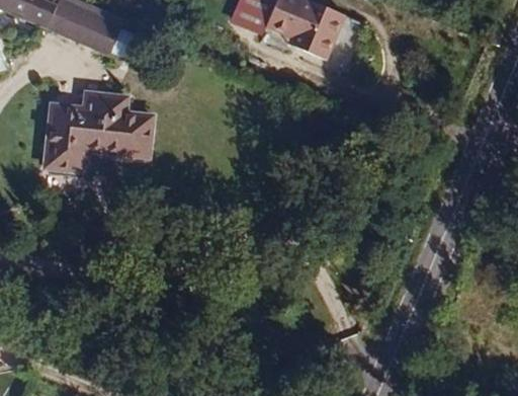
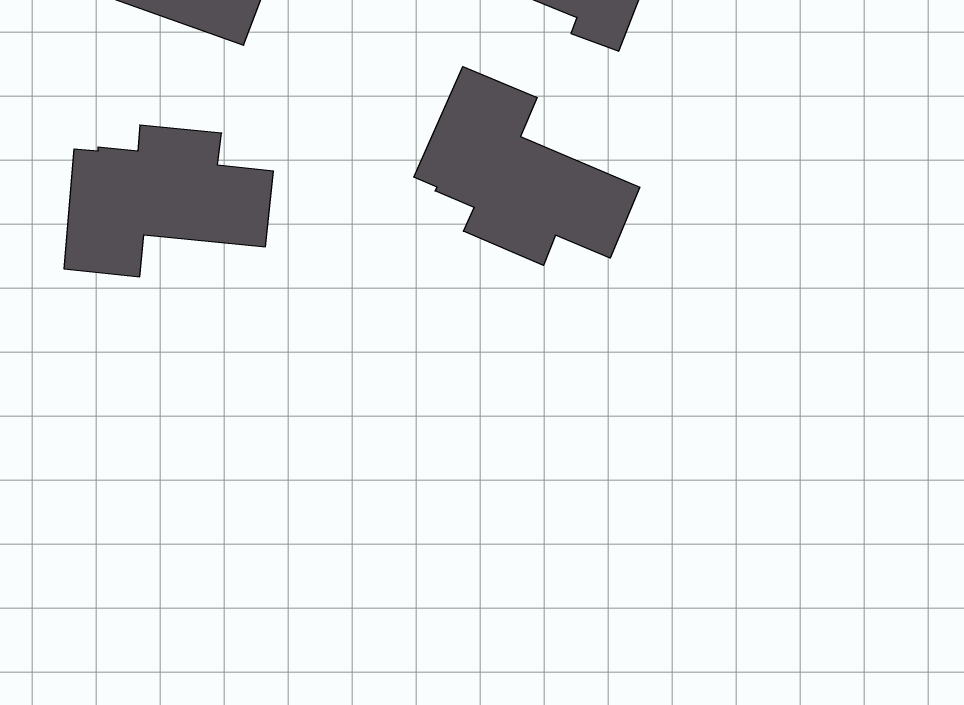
building: none -> [414,67,640,265]

